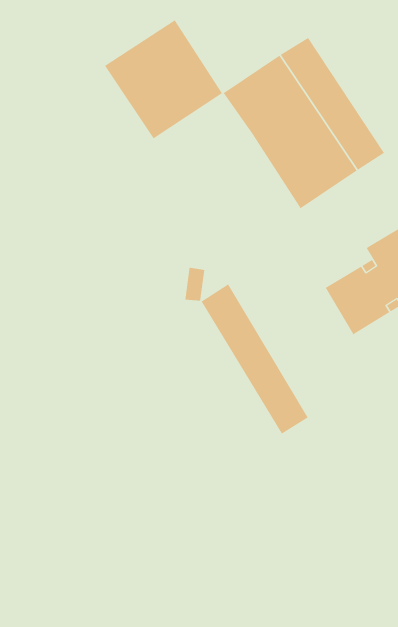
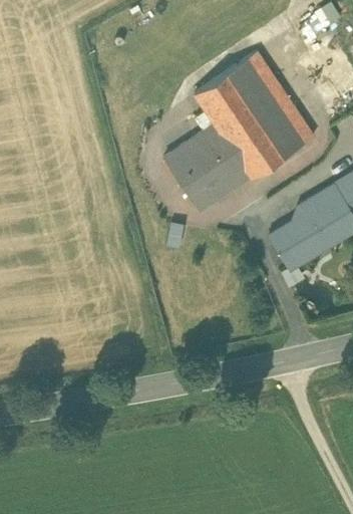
building: [104,20,223,139] -> [163,122,251,211]
building: [201,283,309,434] -> none

